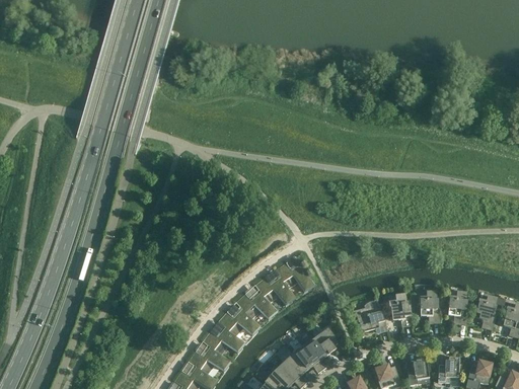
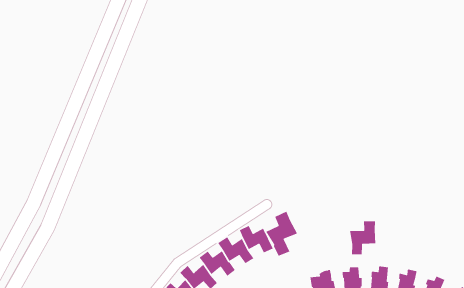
building: none -> [265,210,298,257]
building: none -> [349,220,376,255]

